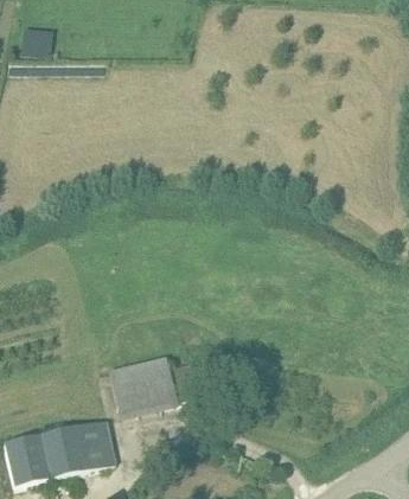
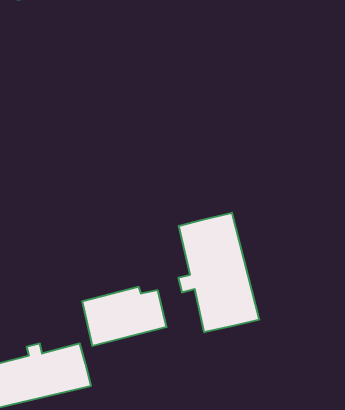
building: none -> [179,213,259,332]

